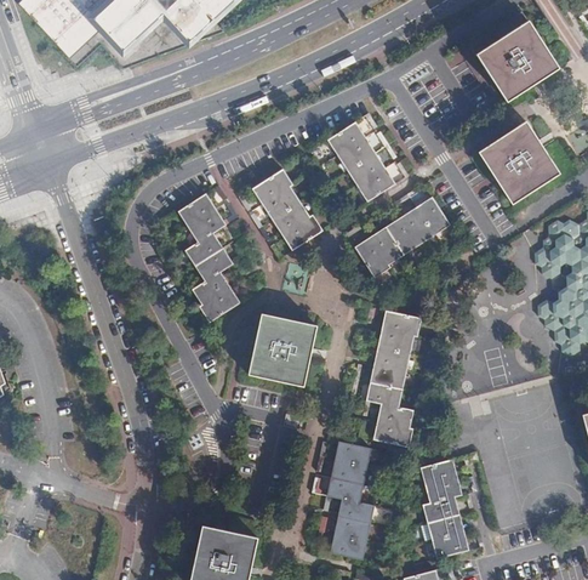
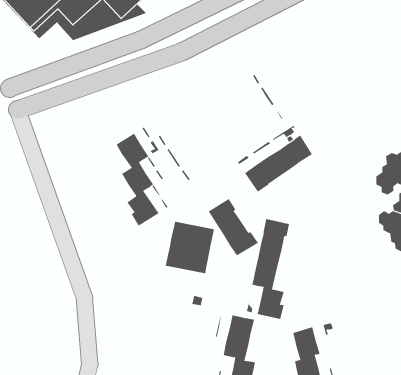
building: [475,21,559,102] -> none
building: [478,120,559,204] -> none
building: [329,123,394,200] -> none
building: [252,171,321,250] -> [208,198,259,256]

